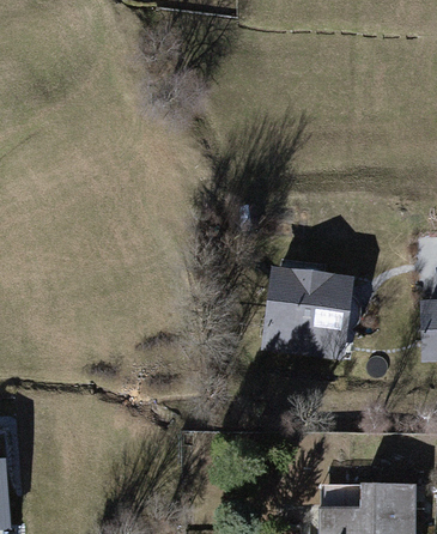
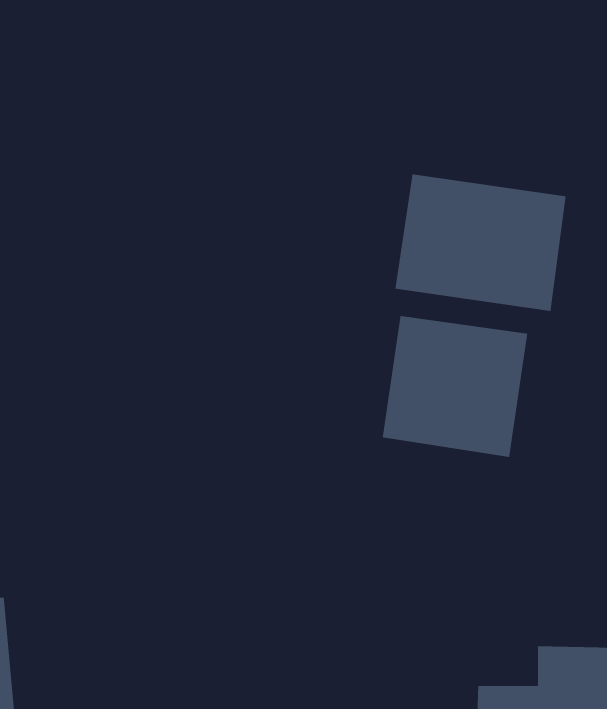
building: none -> [394,174,566,312]

